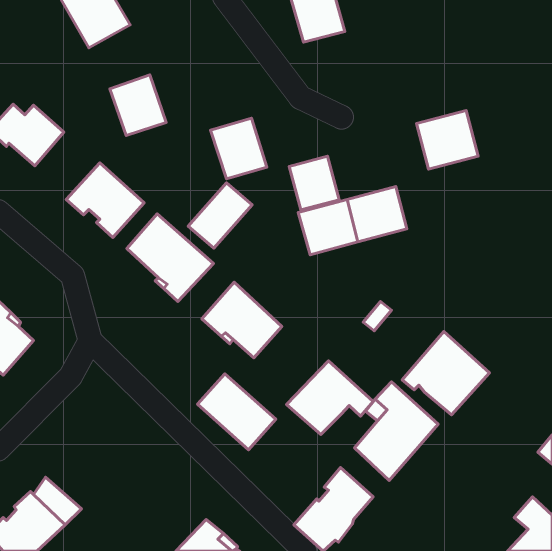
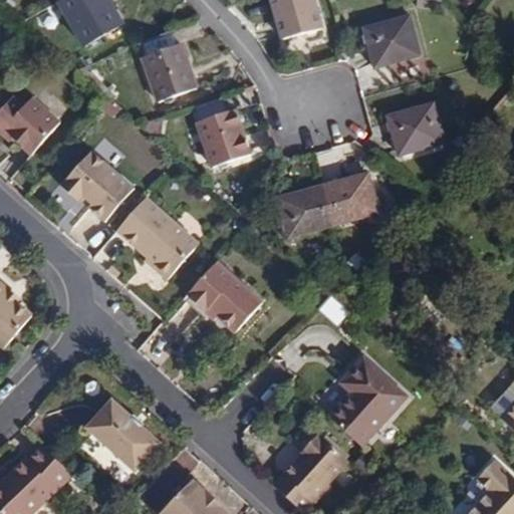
building: none -> [360,14,419,67]
building: [110,75,166,136] -> [142,43,194,99]
building: [289,156,339,210] -> none
building: [188,183,252,248] -> none
building: [402,332,490,415] -> none
building: [287,361,373,435] -> none
building: [198,374,276,450] -> [86,403,159,473]

